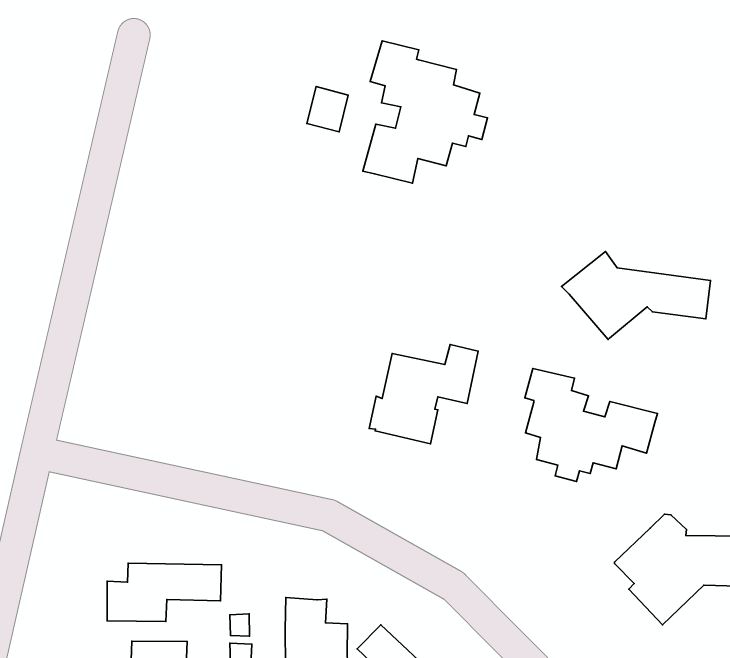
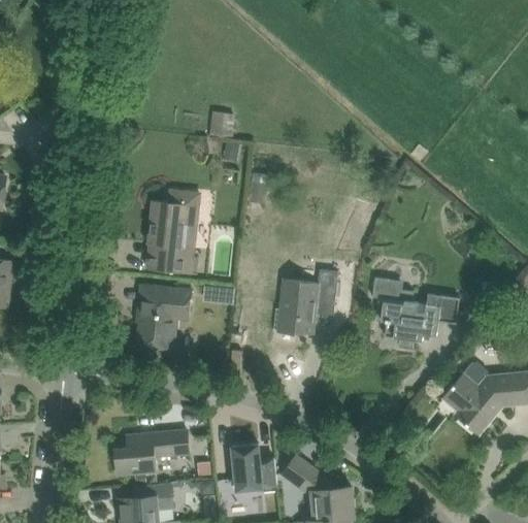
building: [363,41,487,183] -> none
building: none -> [144,190,202,274]
building: [561,251,711,339] -> none
building: none -> [138,285,192,348]

